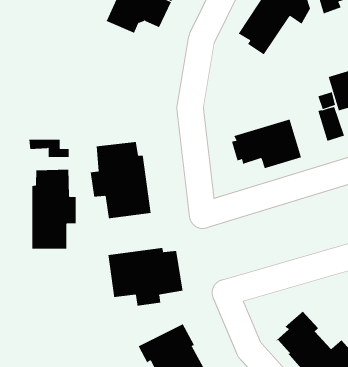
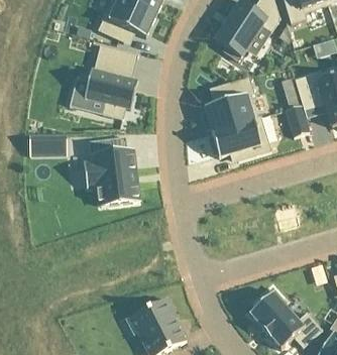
building: none -> [84,44,138,119]
building: none -> [201,77,261,132]
building: [32,169,76,250] -> none
building: [108,247,183,306] -> none

